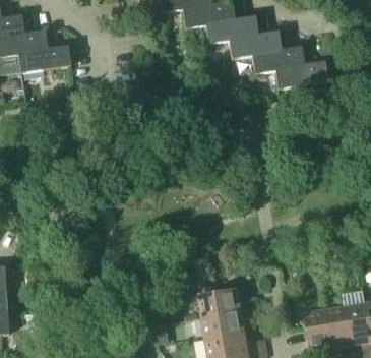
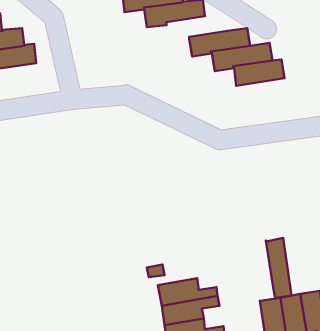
building: [204,14,267,44] -> none
building: none -> [266,238,292,298]

